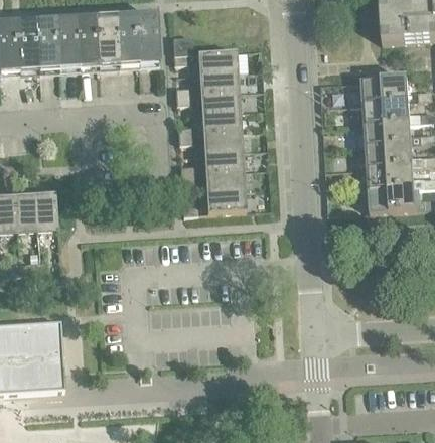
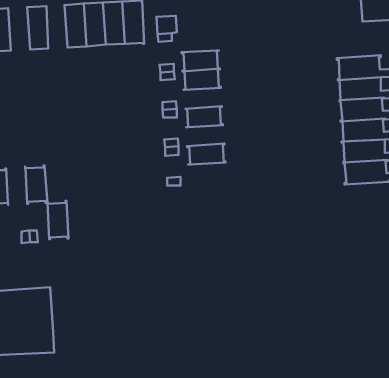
building: [55,23,78,68] -> none
building: [15,25,38,70] -> none
building: [196,49,237,72] -> none
building: [200,110,240,132] -> none
building: [202,149,243,171] -> none
building: [204,188,245,211] -> none
building: [13,192,35,233] -> [47,201,68,239]

